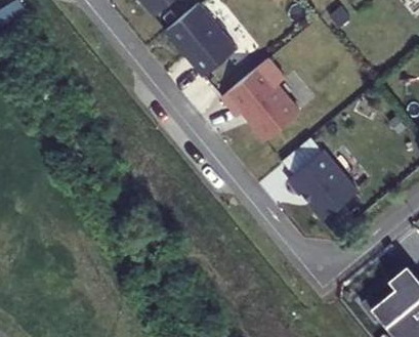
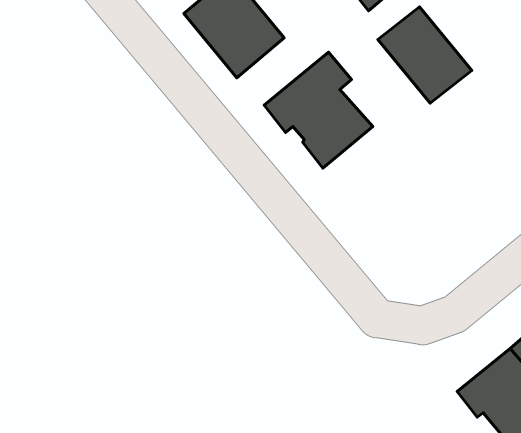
building: none -> [378,7,472,103]
building: [287,150,358,221] -> none

